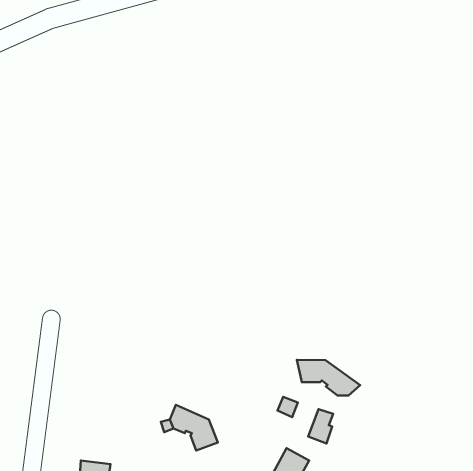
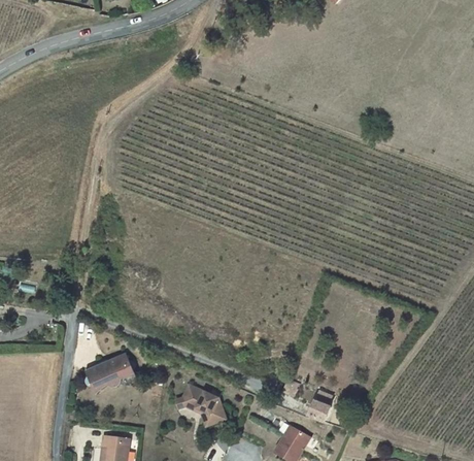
building: [297,360,360,395] -> none
building: none -> [82,354,131,394]

